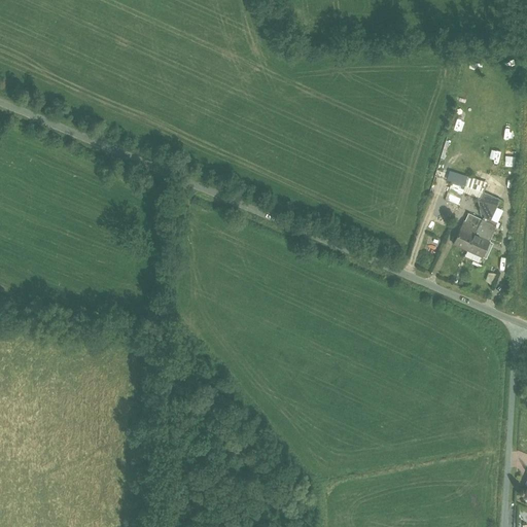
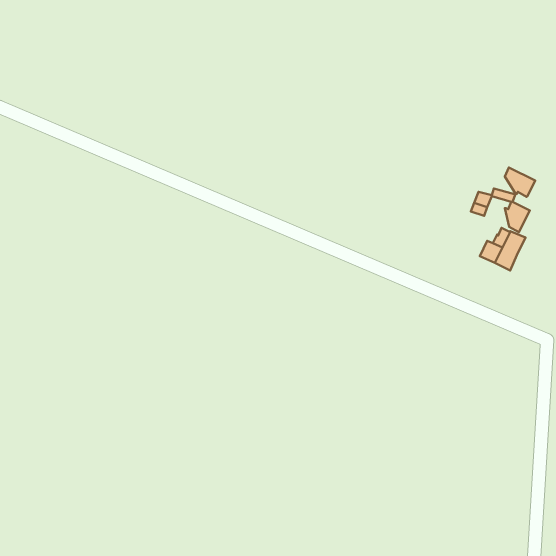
building: none -> [505,167,535,197]

